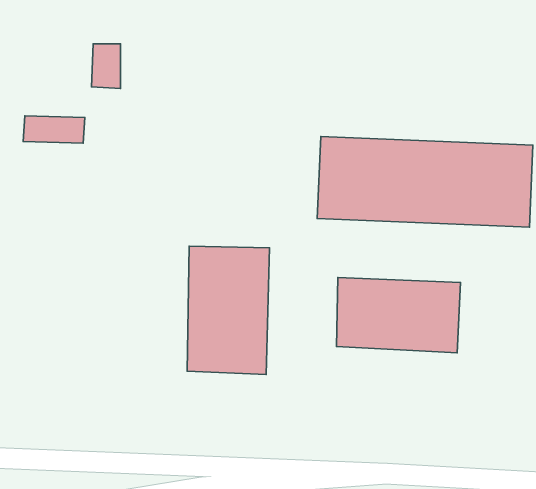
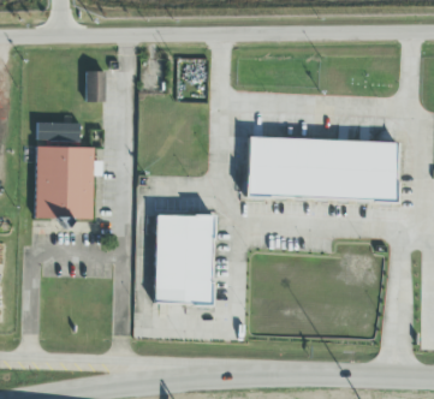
building: none -> [37,145,96,220]
building: [336,278,460,353] -> none

